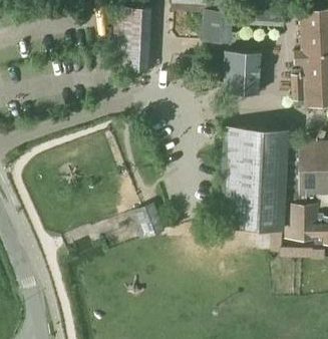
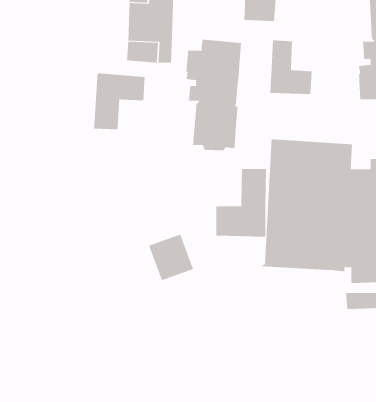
building: none -> [186,39,241,151]
building: none -> [94,73,145,130]
building: none -> [216,168,266,238]

